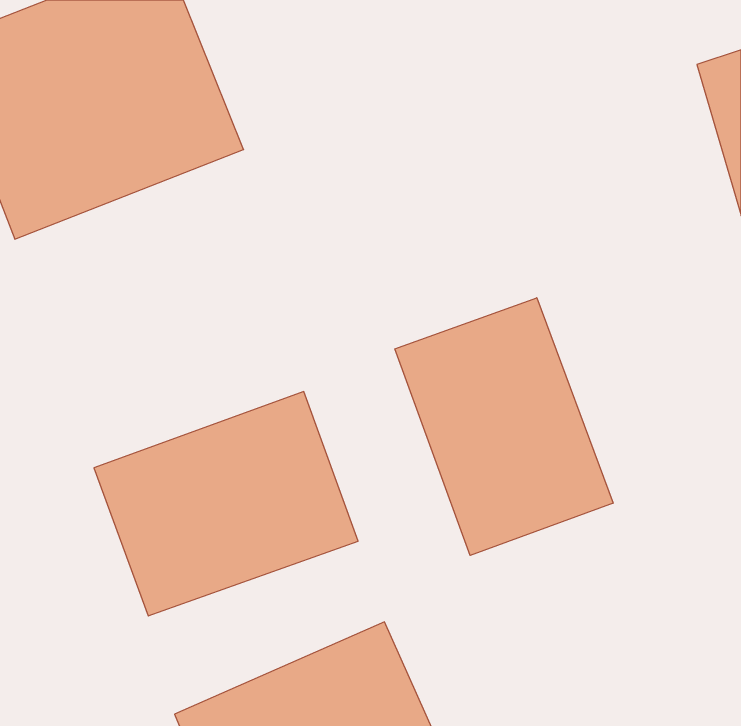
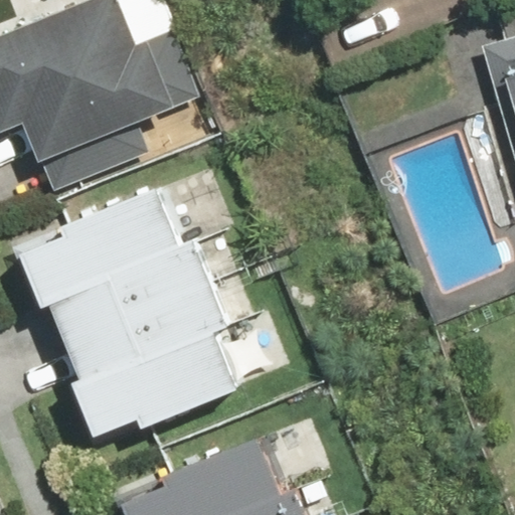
building: none -> [27,182,208,337]
building: [395,298,613,555] -> none

